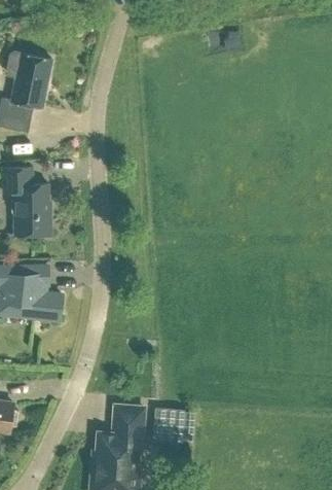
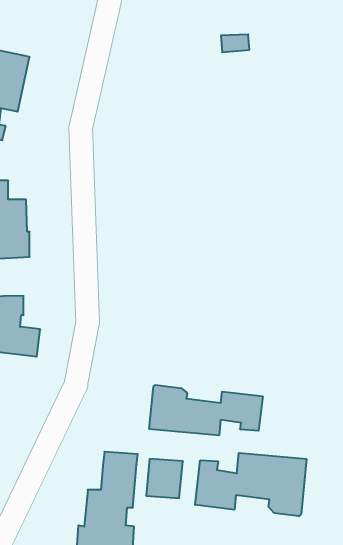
building: none -> [149,385,263,435]
building: none -> [195,453,306,516]

